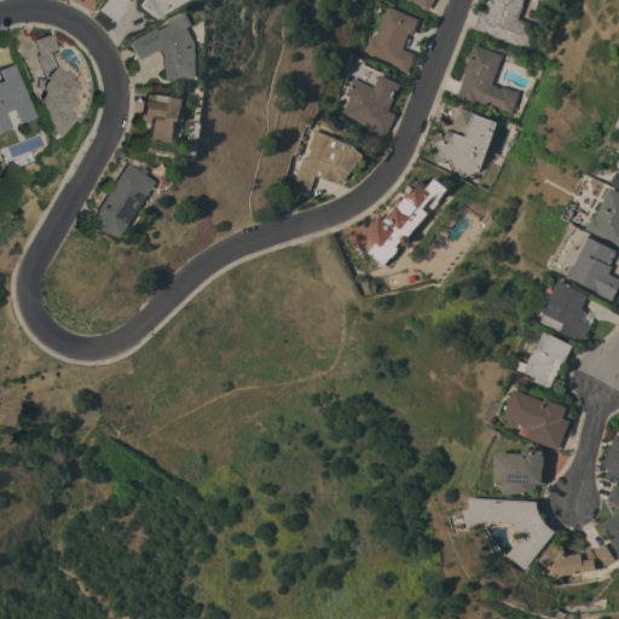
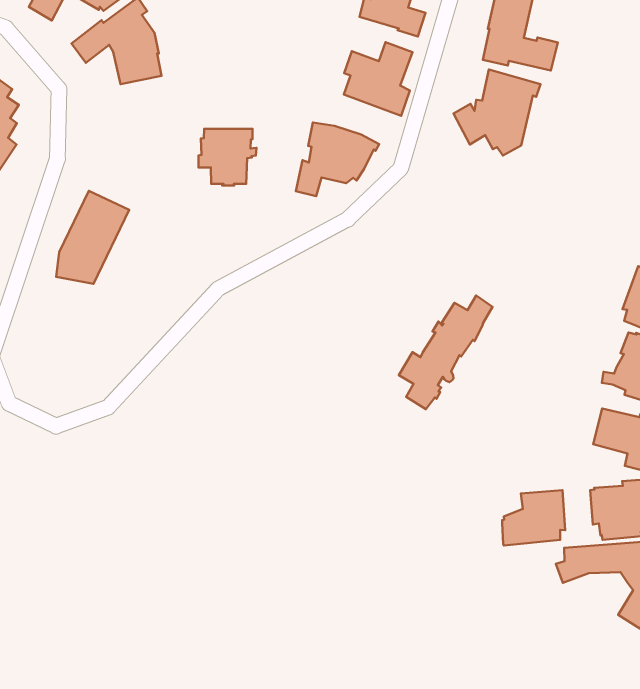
building: [139,93,187,141] -> [199,129,257,186]
building: [366,178,449,264] -> [399,296,493,409]
building: none -> [502,490,565,545]

